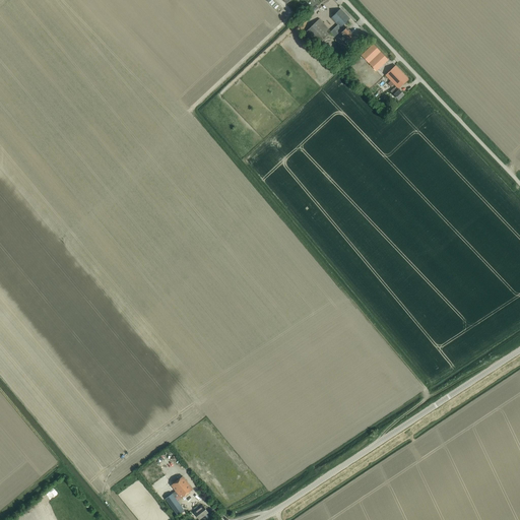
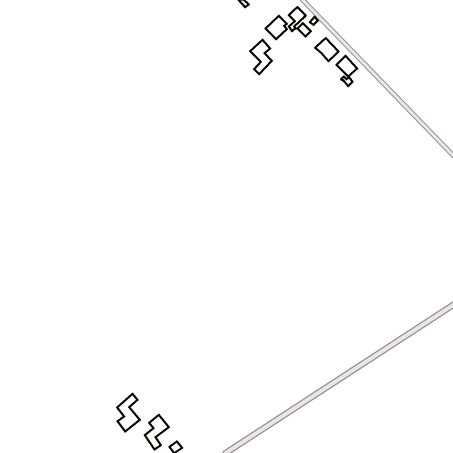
building: none -> [250,40,272,74]
building: none -> [117,394,140,431]

